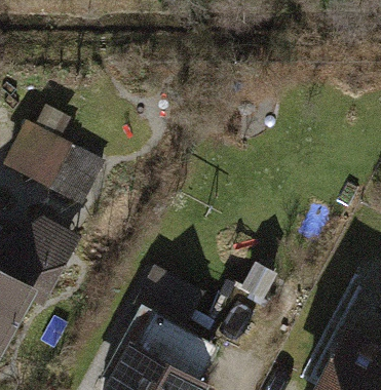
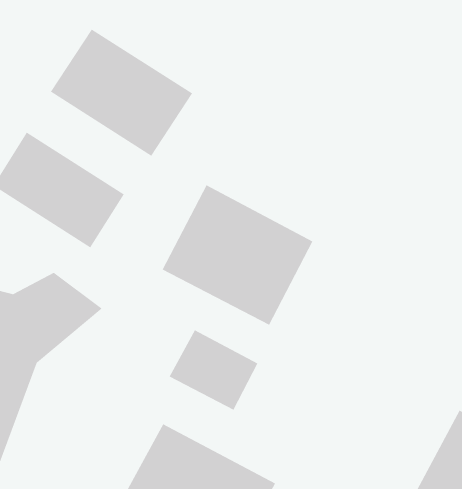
building: none -> [50,28,193,157]
building: none -> [161,184,313,326]

